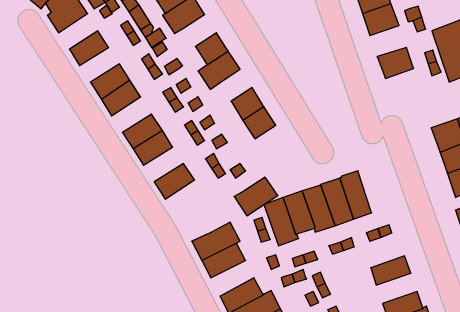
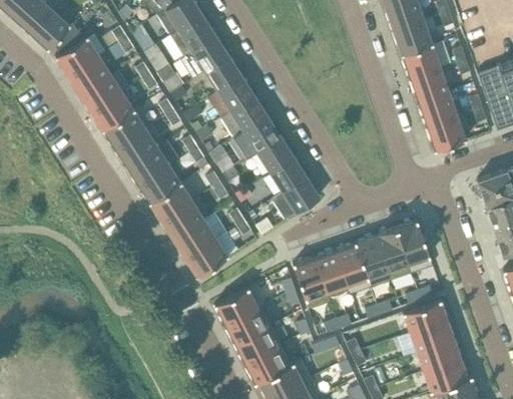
building: none -> [67,54,110,93]
building: none -> [204,55,240,90]
building: none -> [409,67,449,101]
building: none -> [90,91,134,129]
building: none -> [426,114,466,150]
building: none -> [233,115,280,157]
building: none -> [125,145,169,184]
building: none -> [160,201,204,239]
building: none -> [396,221,433,273]
building: [234,177,278,216] -> [272,176,320,219]
building: none -> [184,237,228,277]
building: none -> [403,299,447,333]
building: none -> [234,325,282,364]
building: none -> [416,339,461,372]

